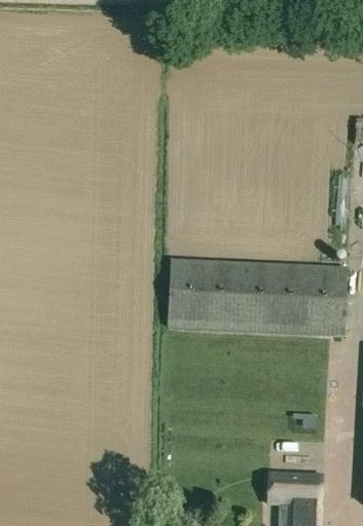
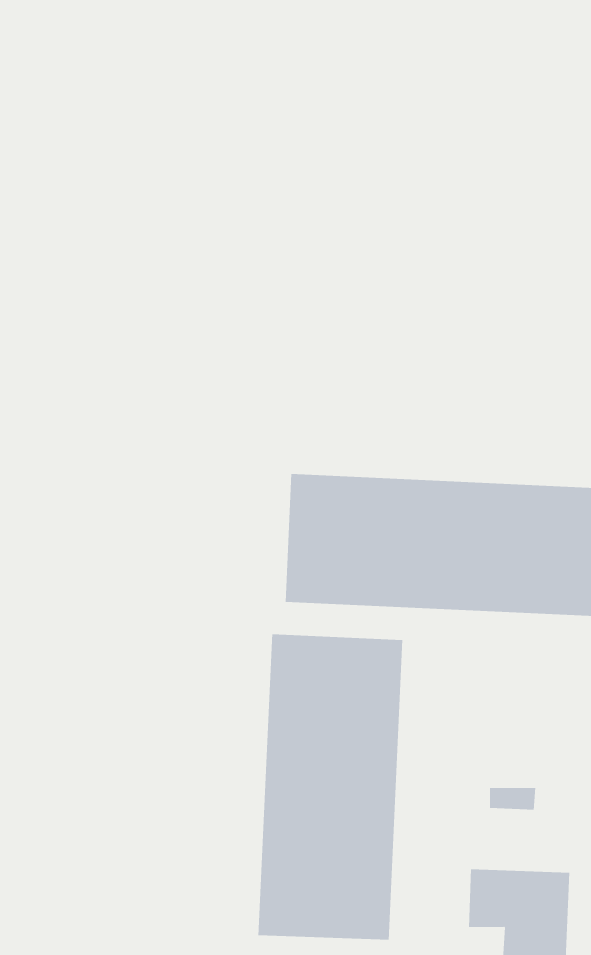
building: none -> [258,633,403,940]

